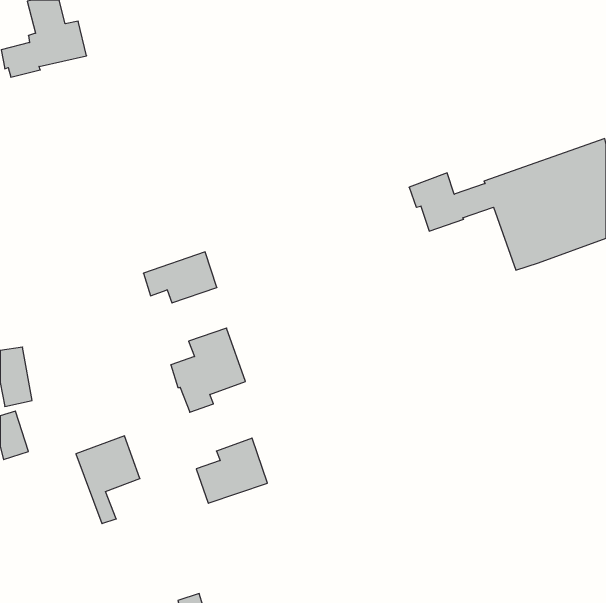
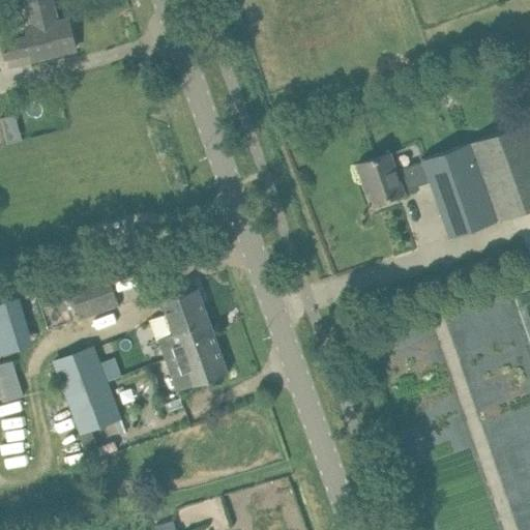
building: [143,252,217,303] -> [55,275,119,320]
building: none -> [53,346,109,399]
building: [196,438,267,503] -> [166,335,228,392]

